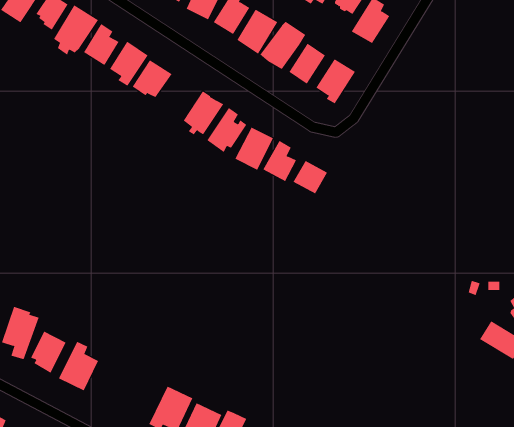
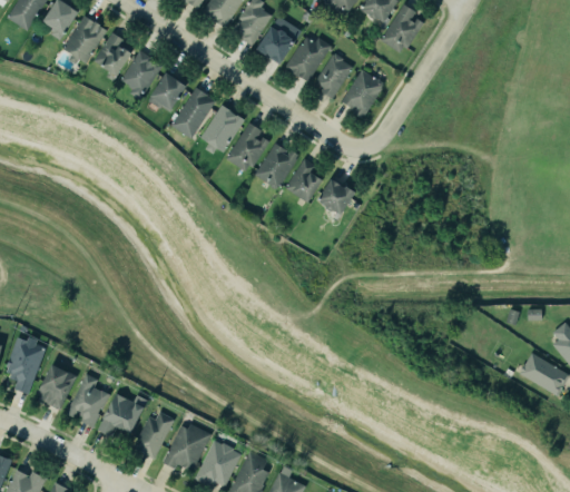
building: none -> [167,86,217,141]
building: none -> [97,392,146,436]
building: none -> [131,410,173,457]

